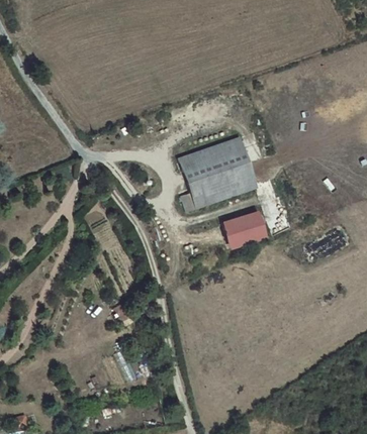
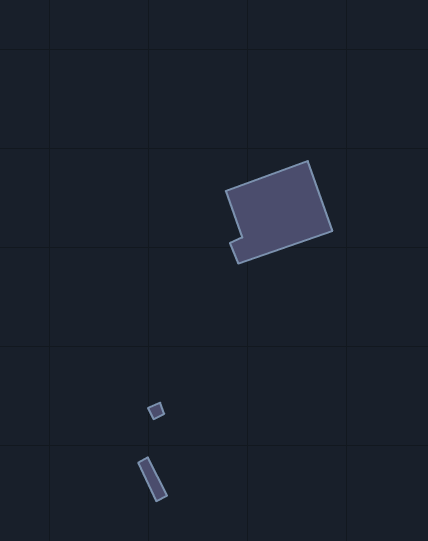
building: [222,209,269,248] -> none

